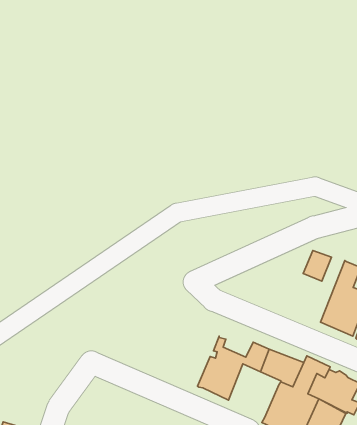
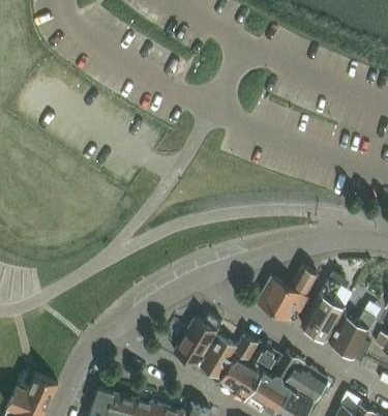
building: none -> [256,277,308,320]
building: none -> [175,315,221,366]
building: none -> [219,357,261,397]

